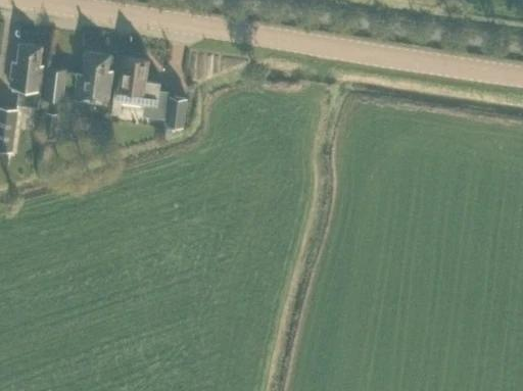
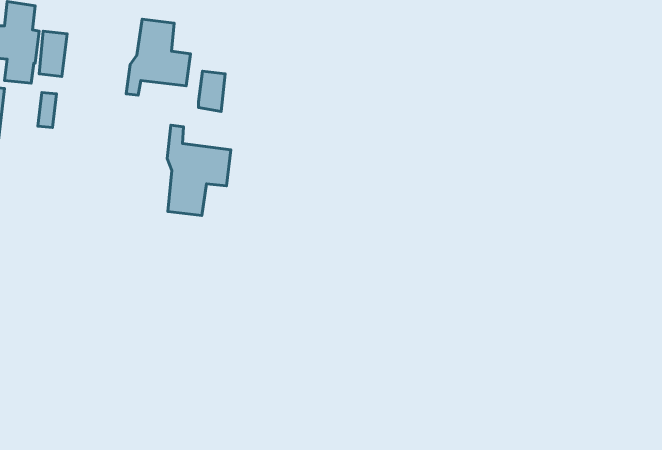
building: [75,51,111,103] -> none
building: none -> [167,125,231,216]

